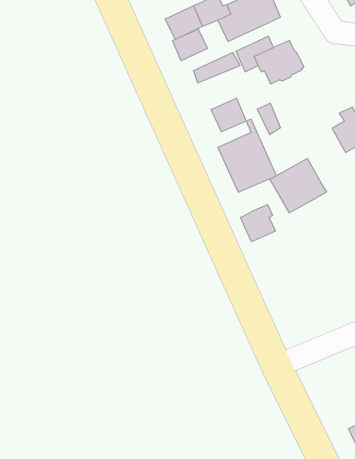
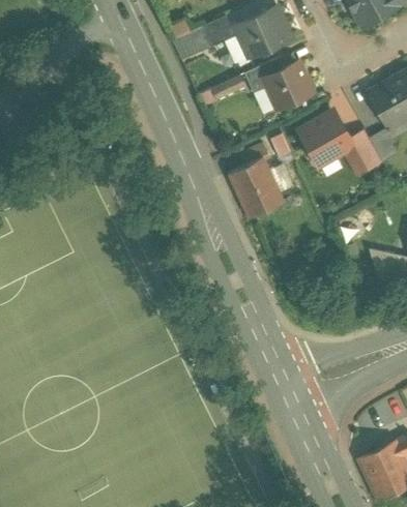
building: [173,29,208,61] -> none
building: [211,98,246,132] -> none
building: [270,158,327,213] -> [298,110,356,166]
building: [240,204,275,242] -> none

